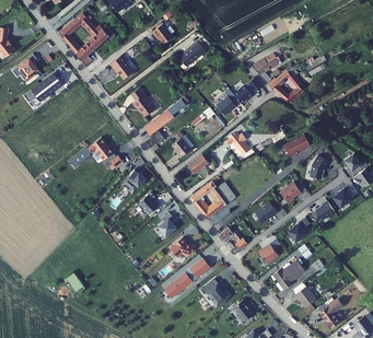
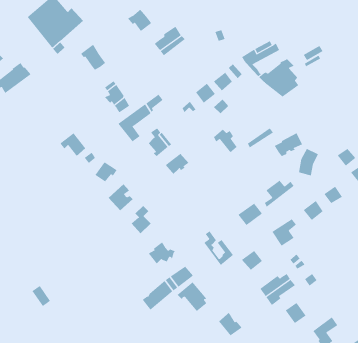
building: [189,176,235,217] -> none

